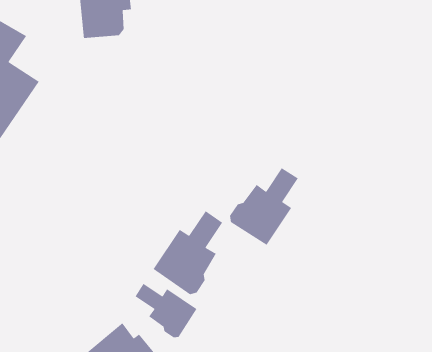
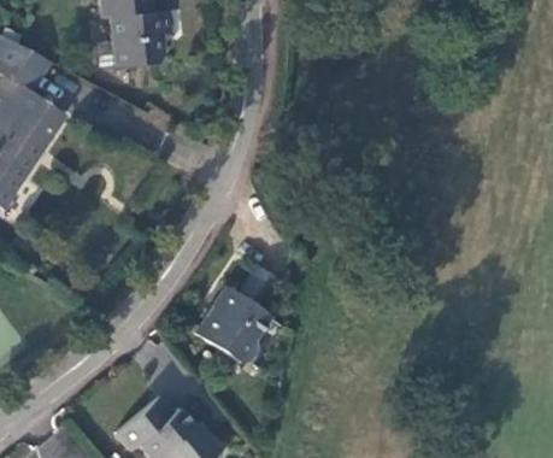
building: [229,167,299,246] -> none
building: [135,283,197,338] -> none

